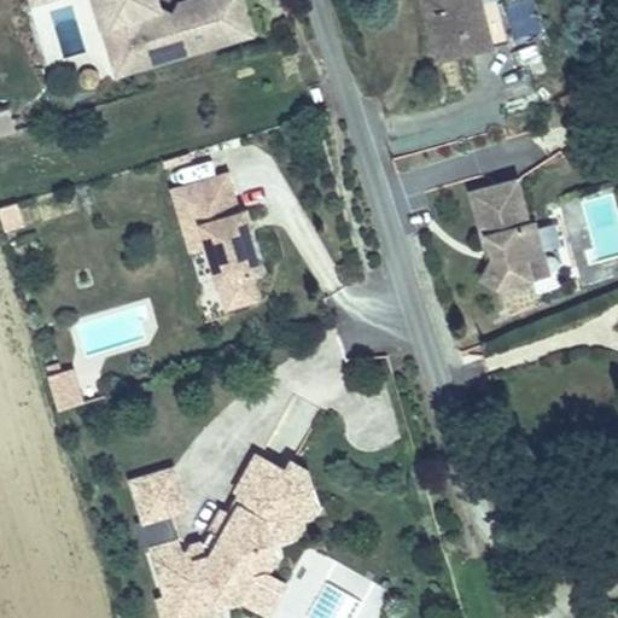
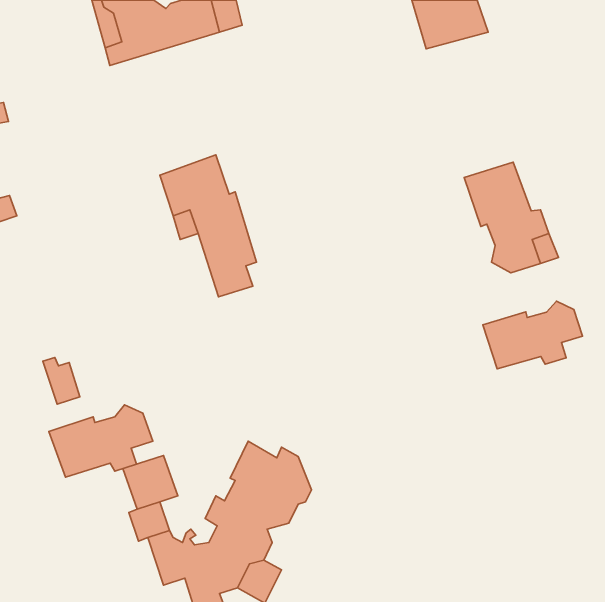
building: none -> [483,301,583,369]
building: none -> [49,405,153,477]

